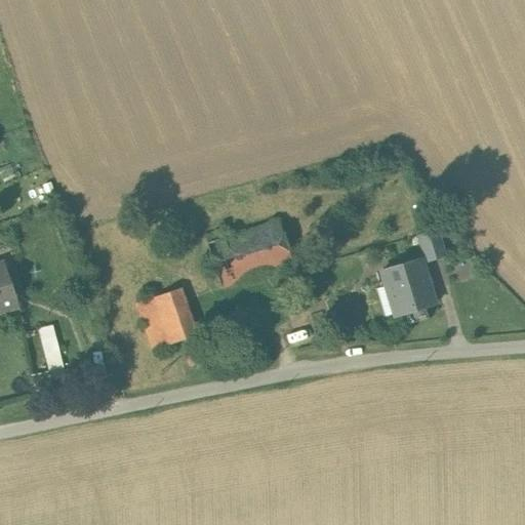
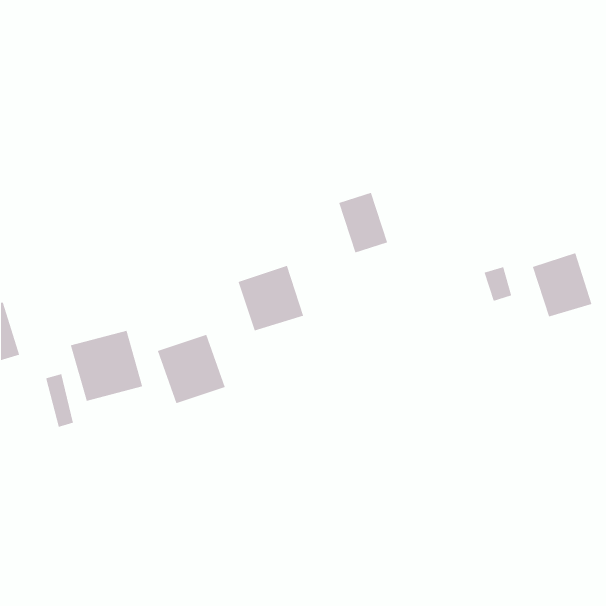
building: [249,219,292,273] -> [338,192,388,254]
building: [381,258,434,315] -> [532,252,592,318]
building: none -> [70,330,143,402]

